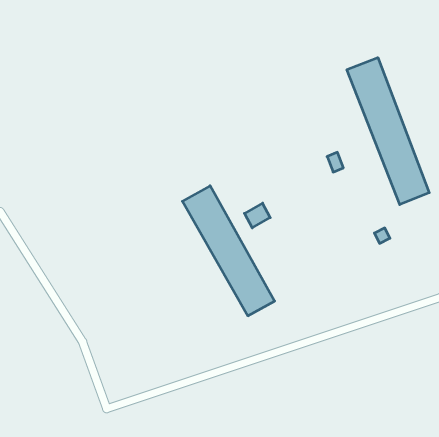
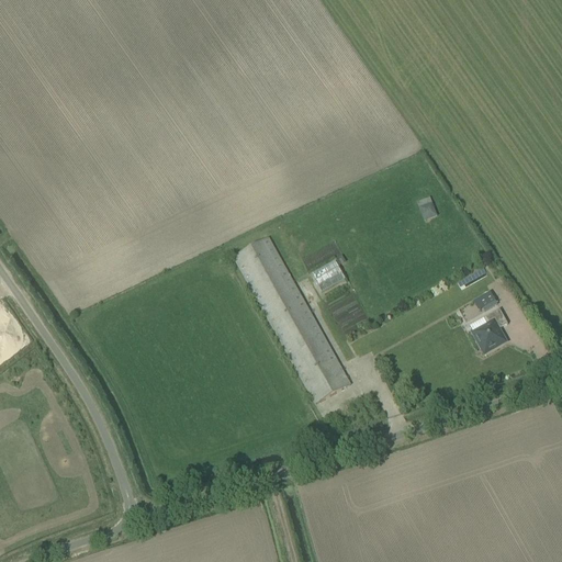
building: [347,58,429,205] -> none
building: none -> [470,307,509,352]

